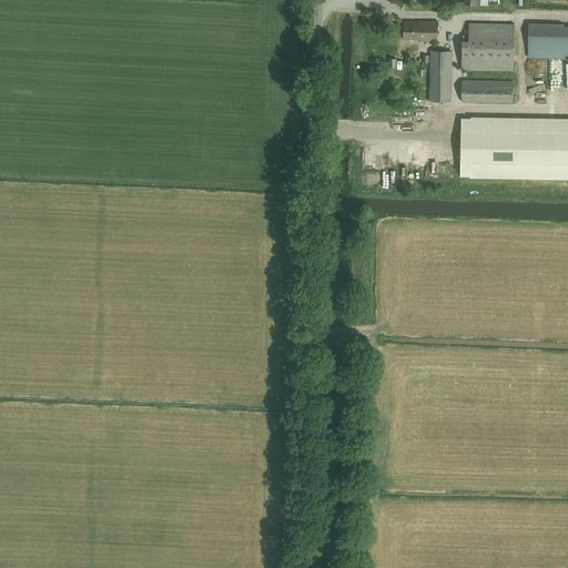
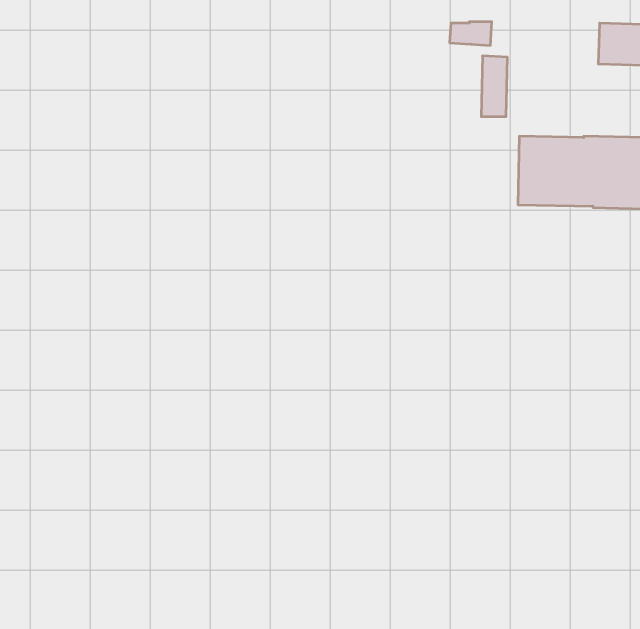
building: [462,23,514,71] -> none
building: [462,79,514,103] -> none

